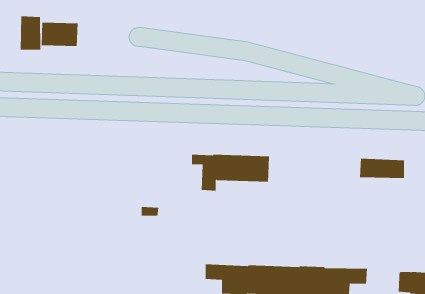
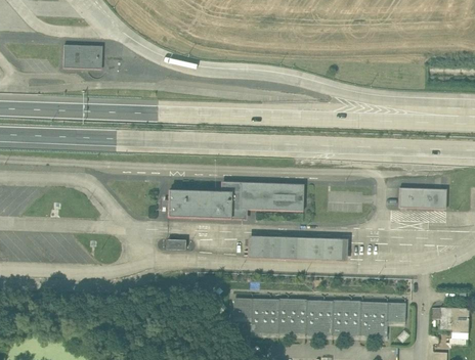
building: [20,16,41,51] -> none
building: none -> [167,191,231,220]
building: none -> [250,237,348,261]

